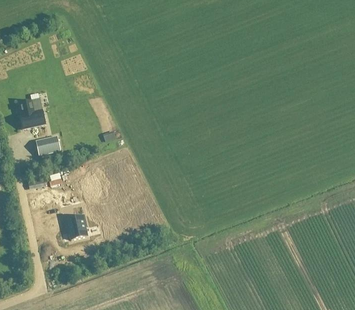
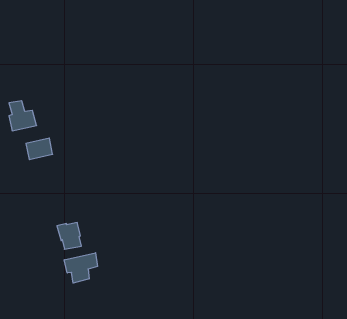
building: none -> [64,253,97,283]

